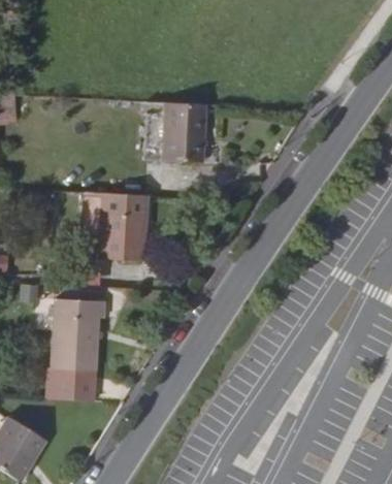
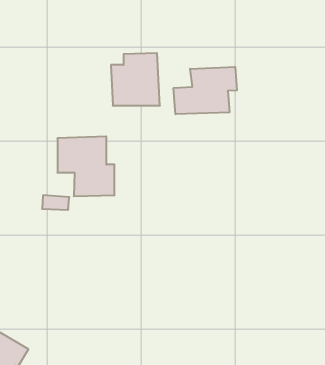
building: none -> [174,67,237,114]
building: [57,302,109,395] -> none

